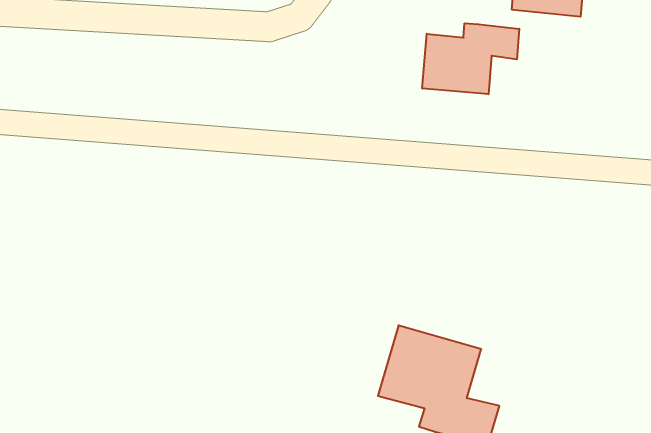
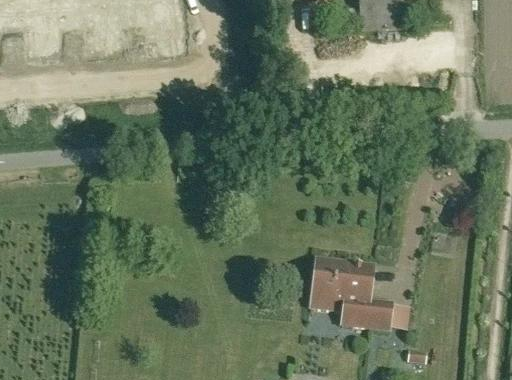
building: [422,23,519,94] -> none

